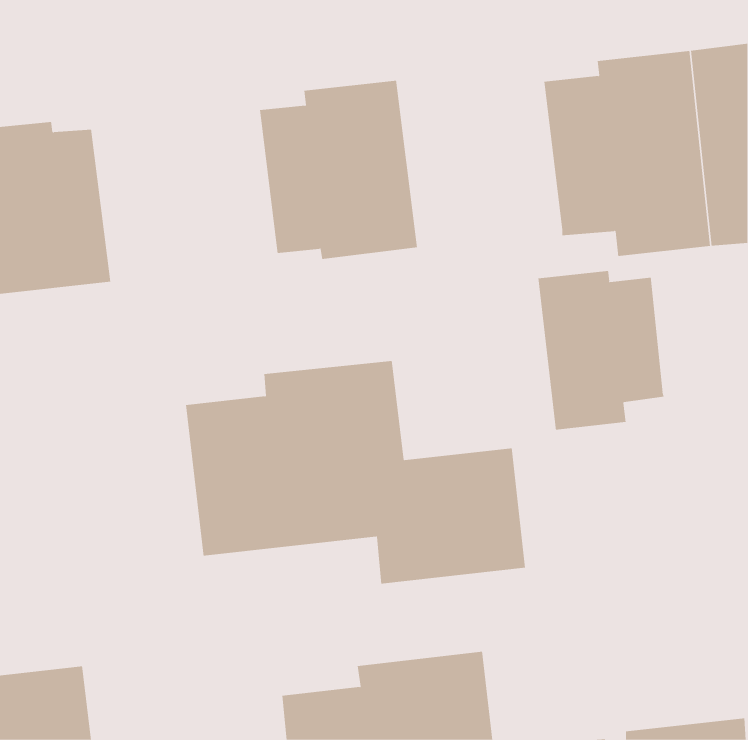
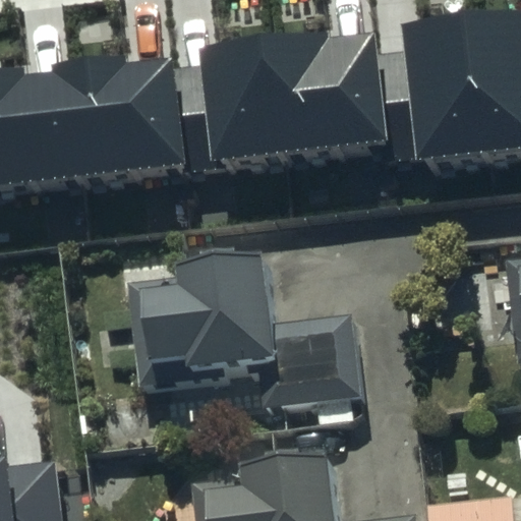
building: none -> [273,48,386,170]
building: none -> [62,71,191,193]
building: [538,270,664,430] -> none

